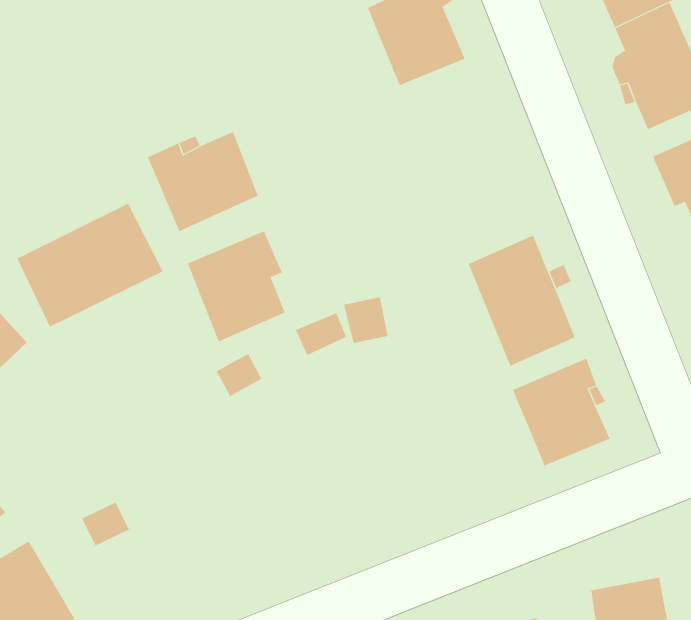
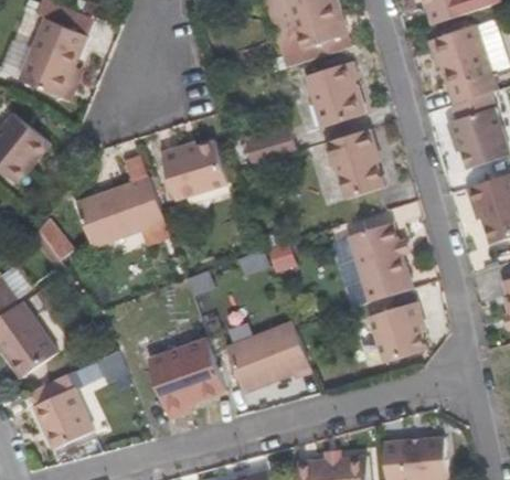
building: none -> [326,125,382,194]
building: none -> [244,131,298,169]
building: [187,230,286,342] -> none
building: none -> [225,323,310,393]
building: none -> [146,338,225,419]

